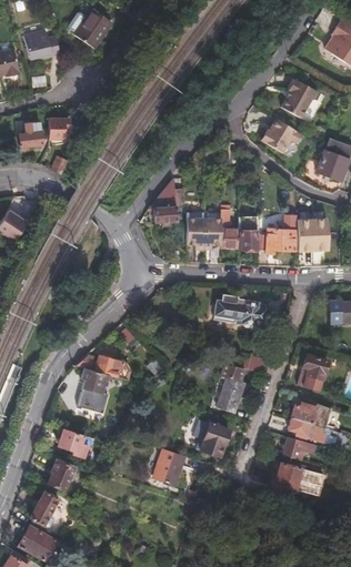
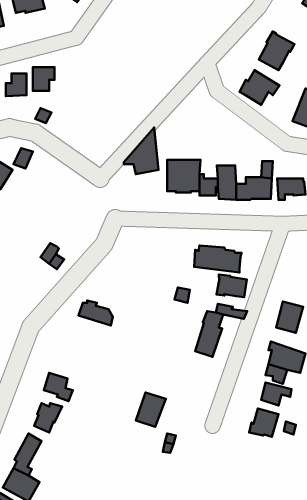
building: none -> [217,274,247,297]
building: [81,366,110,401] -> none
building: [199,424,228,458] -> none

